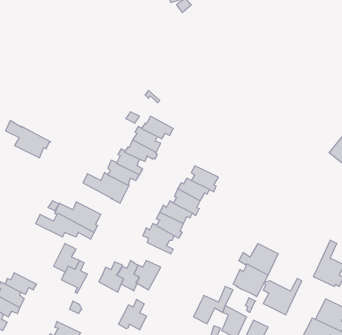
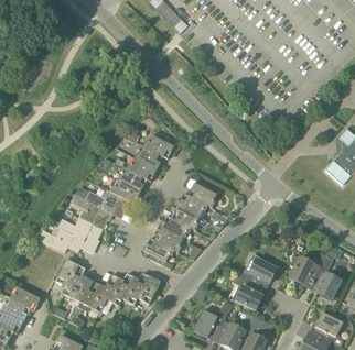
building: [6,121,51,158] -> [69,194,114,230]
building: [263,279,302,315] -> [289,253,326,288]
building: [118,299,147,330] -> [79,283,107,313]

